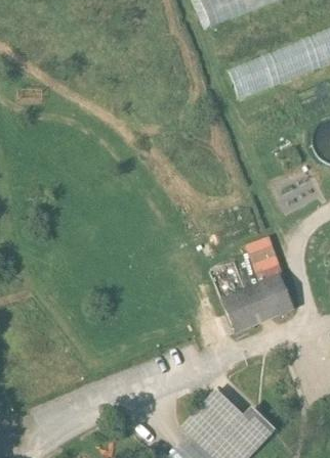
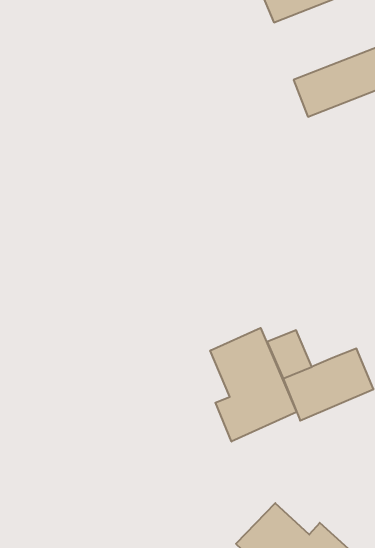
building: [247,236,284,282] -> none
building: none -> [210,328,297,442]

